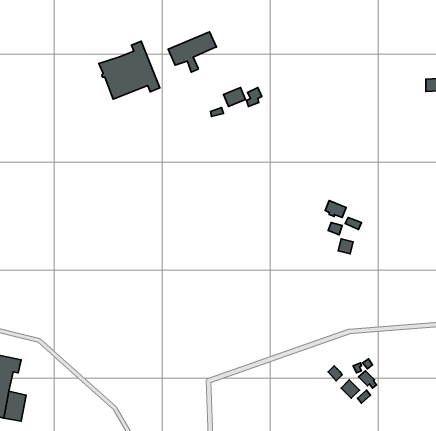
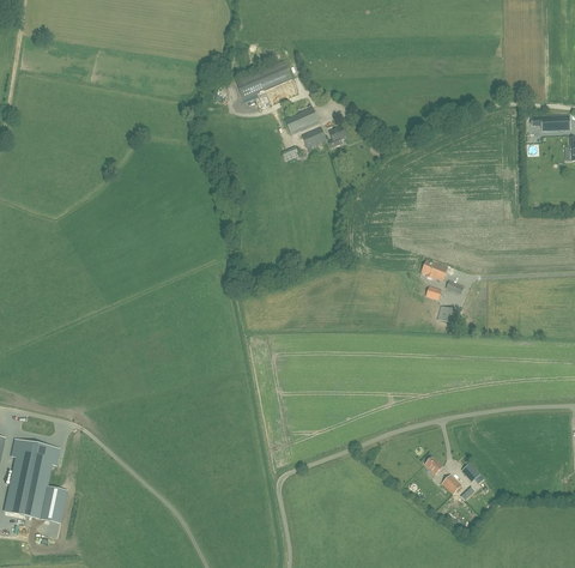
building: [99,41,160,99] -> none
building: none -> [284,107,319,134]

